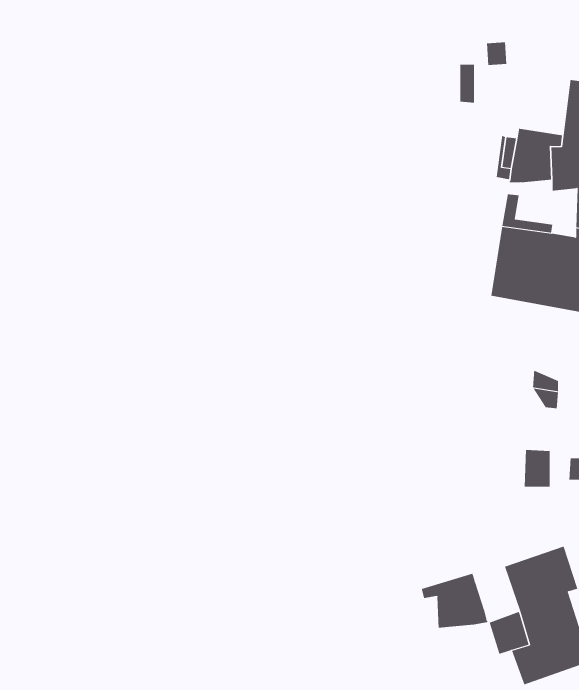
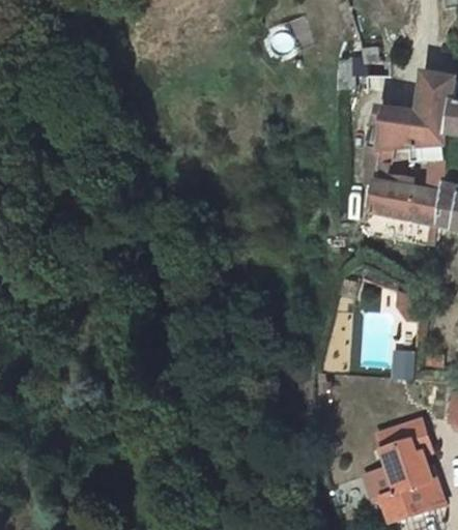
building: [421,573,489,629] -> none

